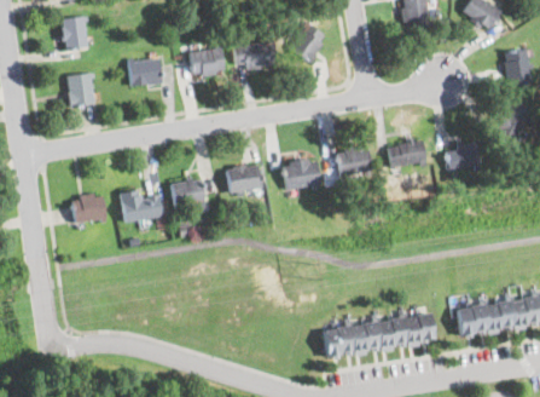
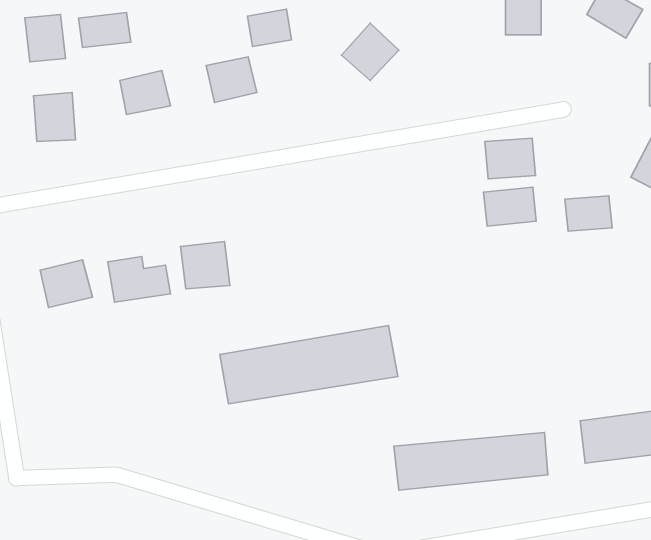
building: none -> [78,13,131,48]
building: [239,44,271,70] -> [248,9,292,47]
building: [336,146,372,176] -> [485,138,536,179]
building: [280,157,321,192] -> none
building: [226,165,266,196] -> none
building: none -> [220,325,398,404]

